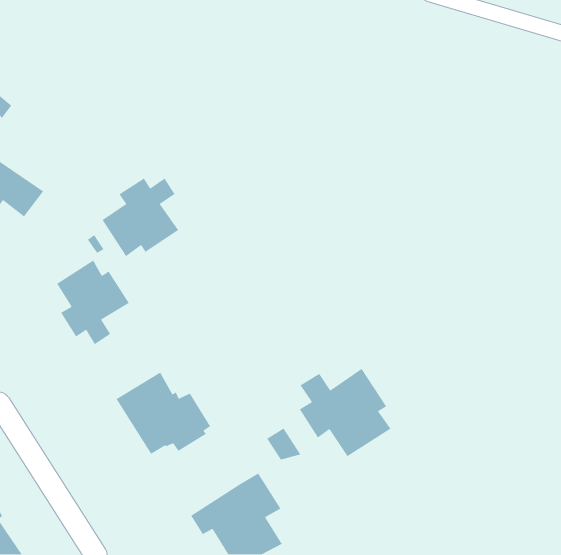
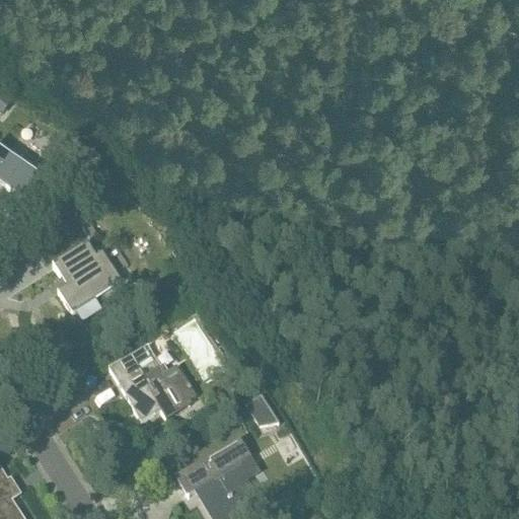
building: [102,177,179,257] -> none
building: [299,368,392,457] -> none

